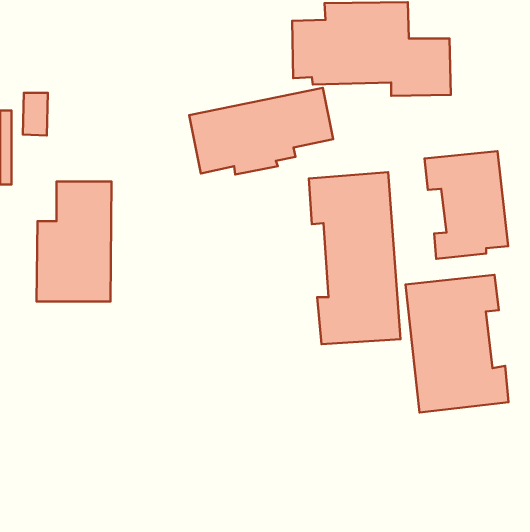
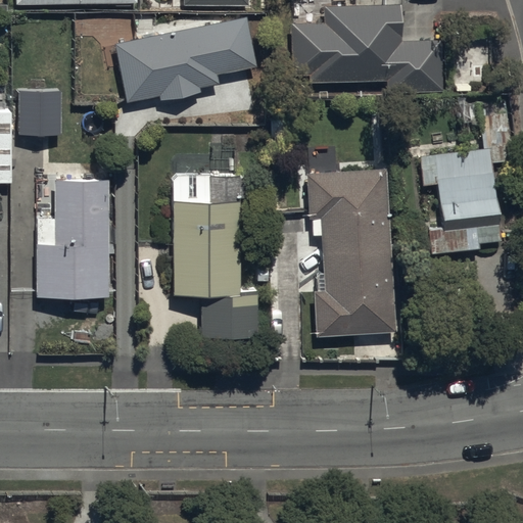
building: [189,88,333,175] -> [115,18,256,103]
building: none -> [171,174,258,337]
building: [406,275,508,412] -> none

